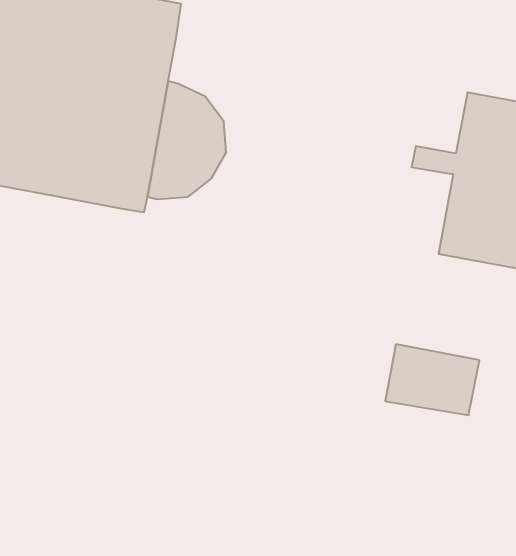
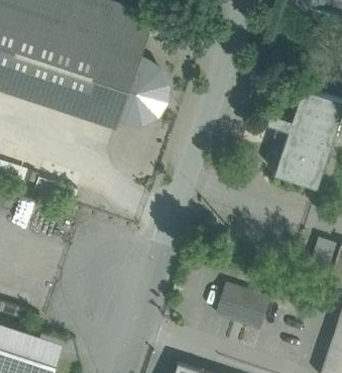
building: [385,344,479,415] -> [216,284,270,329]

